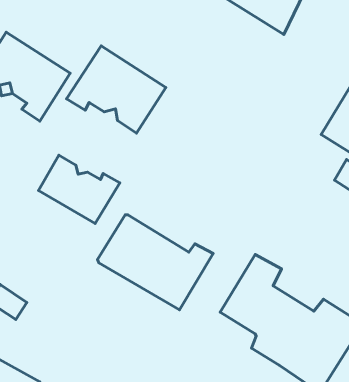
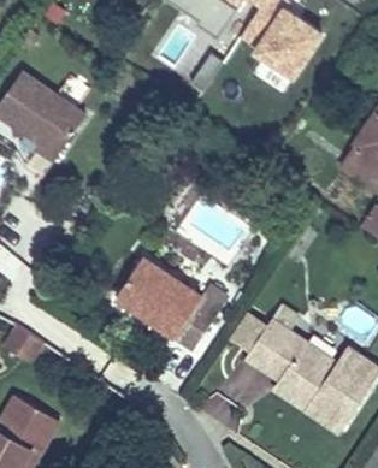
building: [66,46,166,133] -> none
building: [38,155,120,224] -> none

